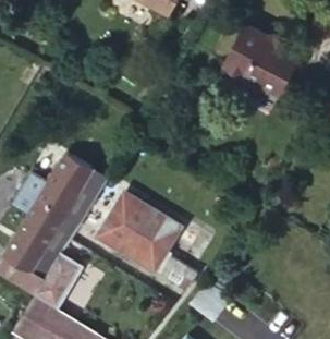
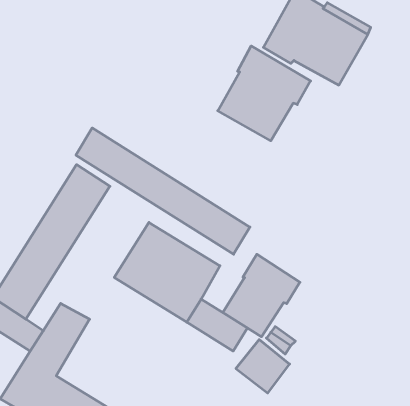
building: none -> [218,46,311,141]
building: none -> [76,128,250,254]
building: none -> [223,254,300,337]

